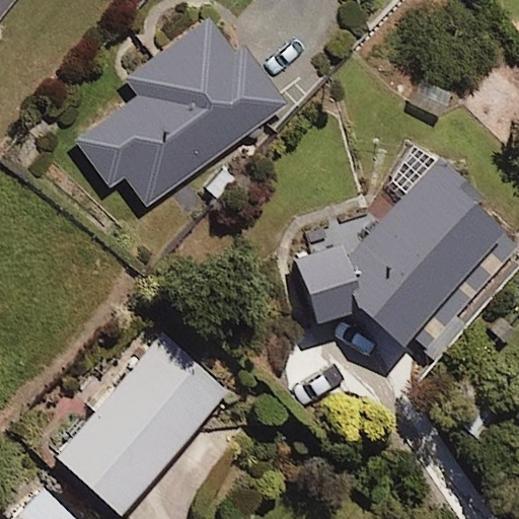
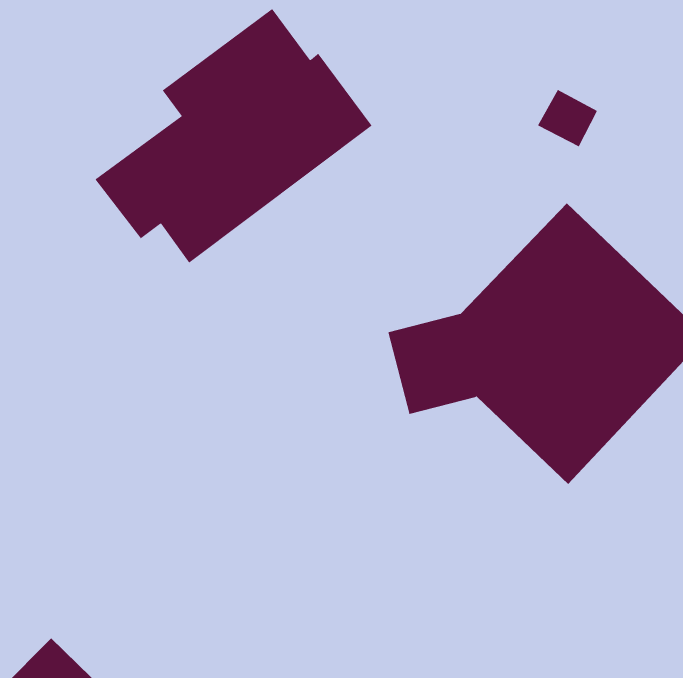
building: [57,336,226,509] -> none

